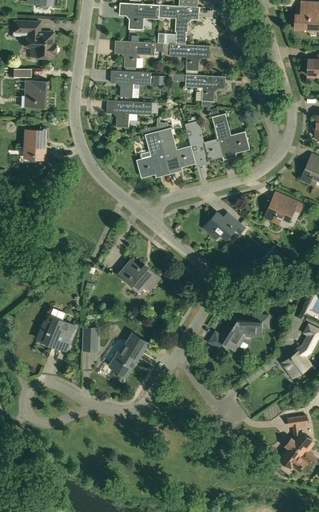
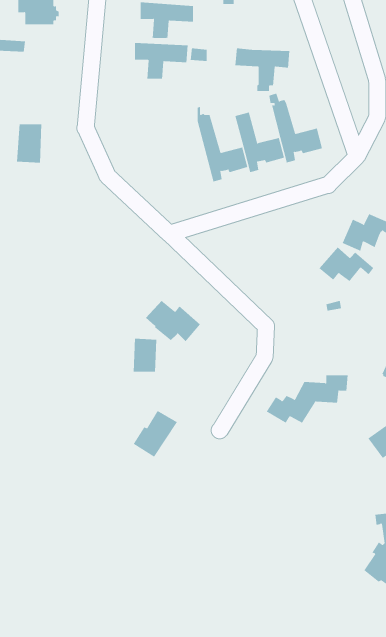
building: [169,43,210,71] -> none
building: [24,80,49,106] -> none
building: [107,100,158,127] -> none
building: [137,126,169,176] -> none
building: [203,212,244,238] -> [319,247,374,282]
building: [37,315,71,349] -> none
building: [82,326,100,351] -> [133,338,157,372]

